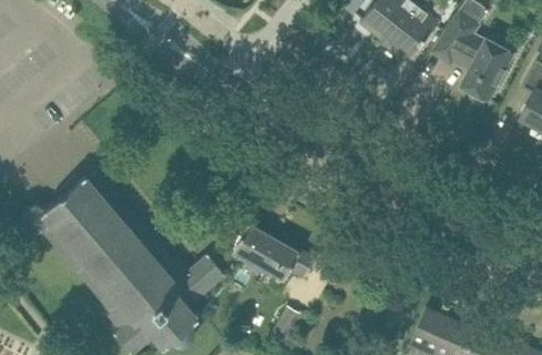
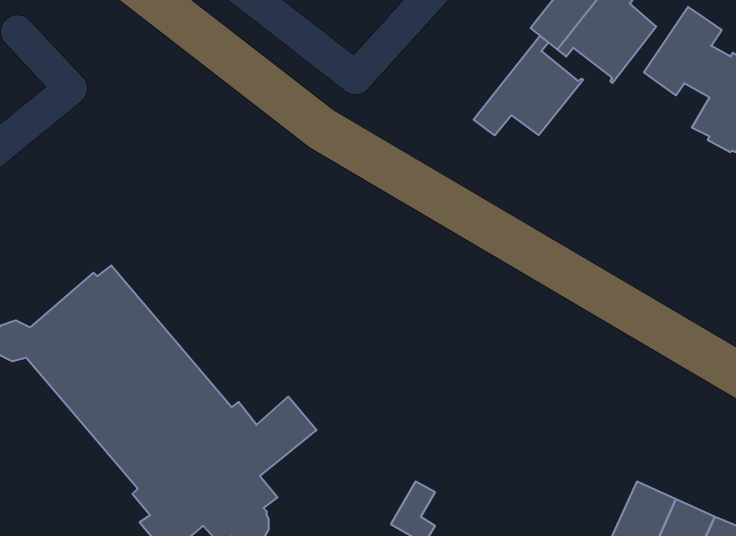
building: none -> [474,36,583,135]
building: [233,223,316,280] -> none

